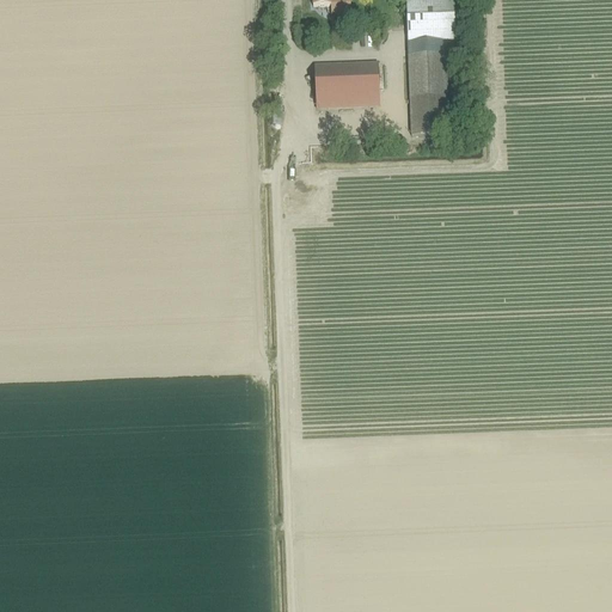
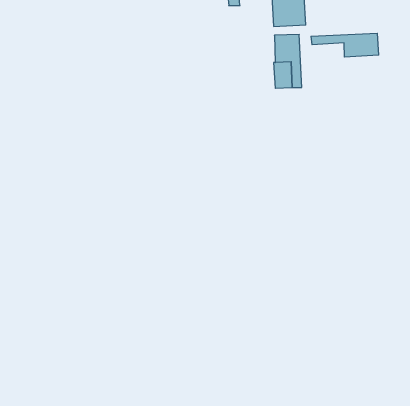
building: none -> [311,33,379,57]
building: [314,60,380,105] -> none

